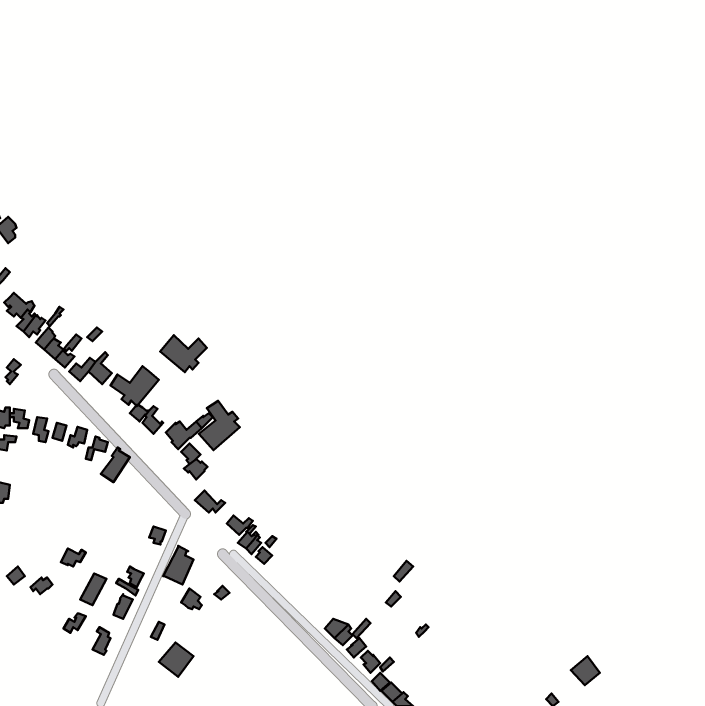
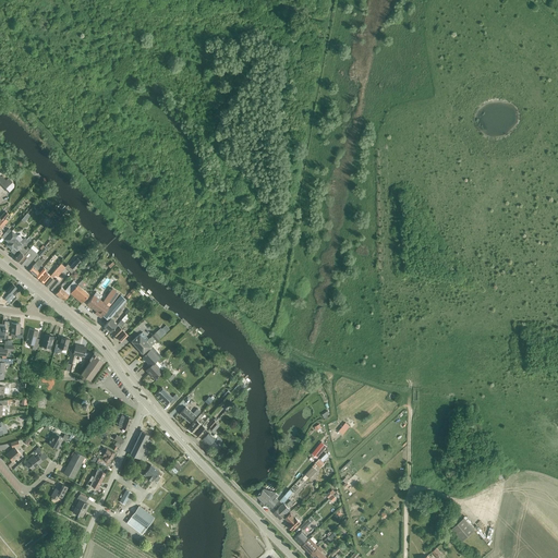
building: [160,335,207,372] -> none
building: [199,401,240,450] -> none

